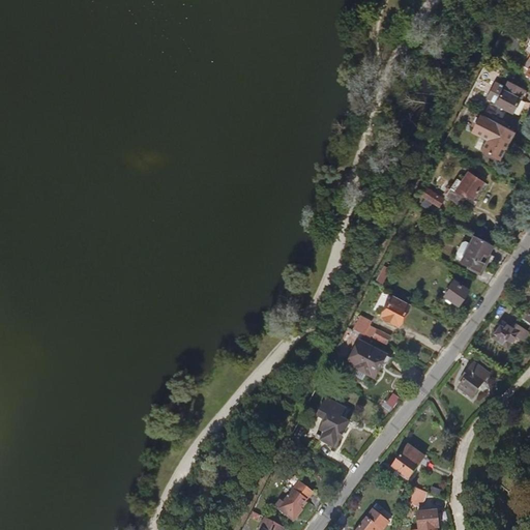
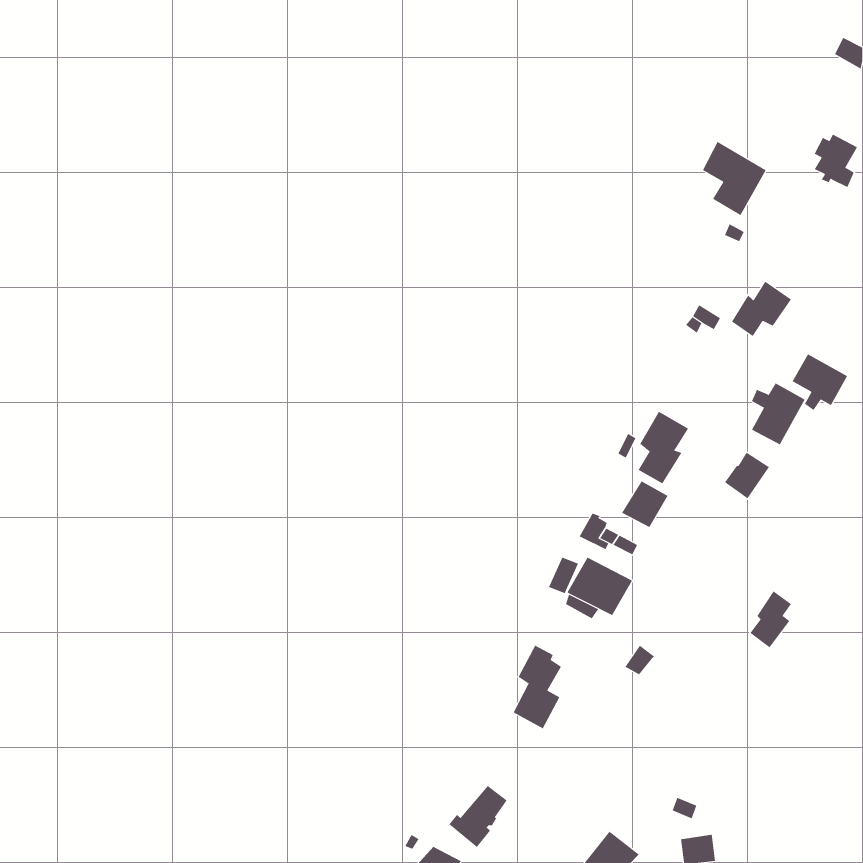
building: [476,115,516,160] -> [702,141,766,216]
building: none -> [792,353,848,411]
building: none -> [638,411,689,484]
building: [491,322,520,348] -> none
building: [391,447,422,481] -> none

